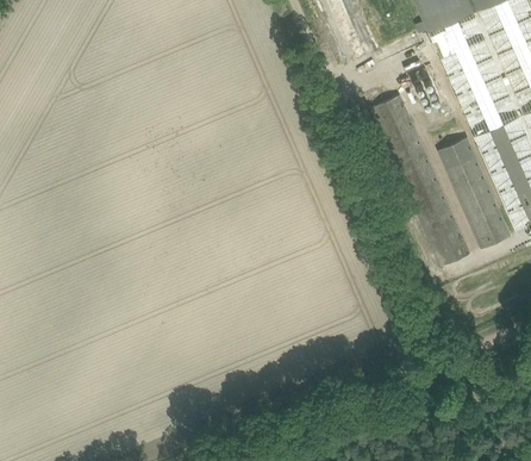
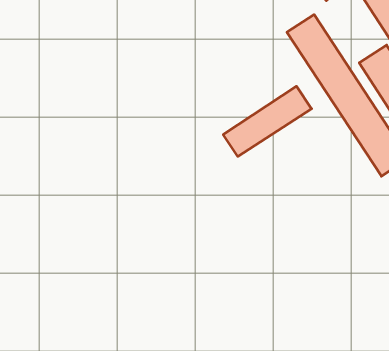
building: none -> [223,86,312,156]

